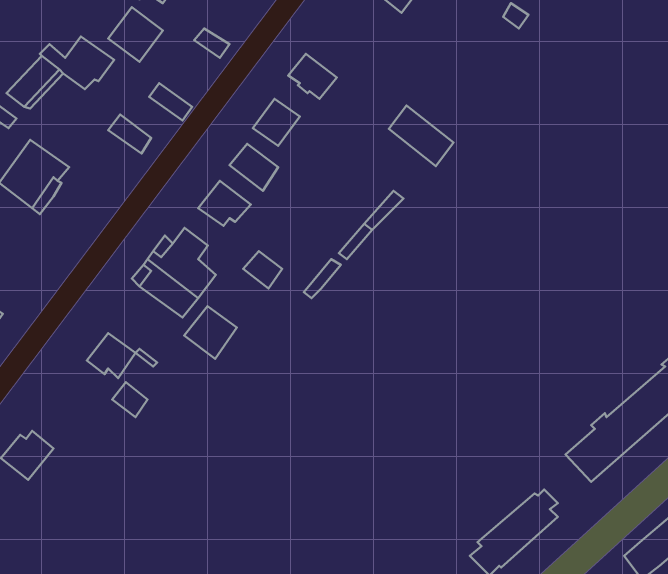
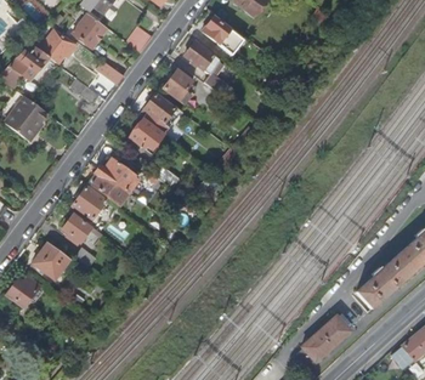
building: [389,106,453,166] -> [203,17,243,55]
building: [184,306,237,359] -> [72,188,104,221]
building: none -> [32,242,69,279]

